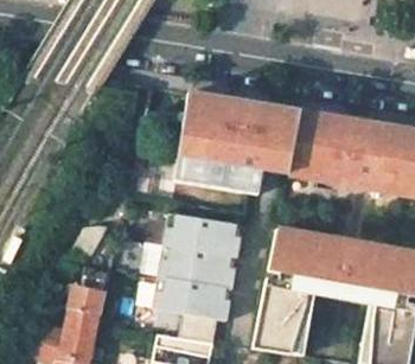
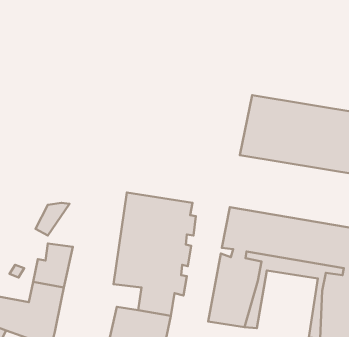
building: [174,91,300,194] -> none

